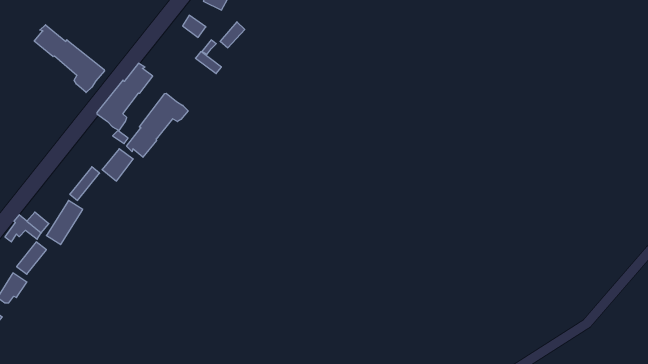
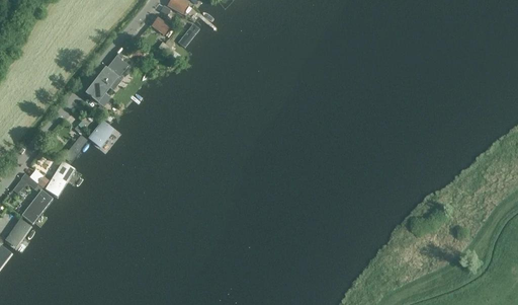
building: [34,25,104,93] -> none
building: [127,93,188,157] -> none

